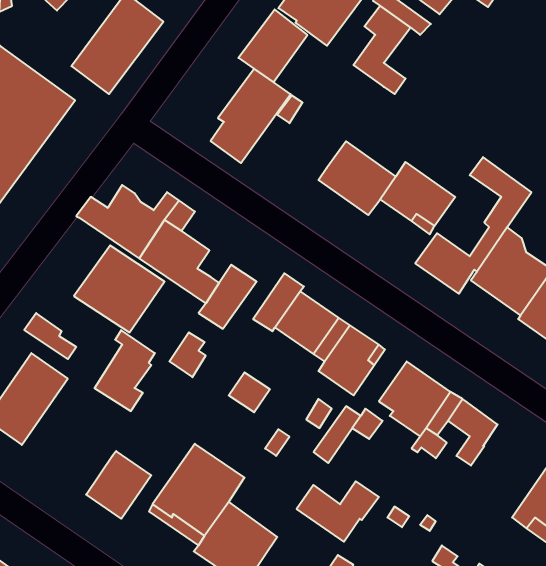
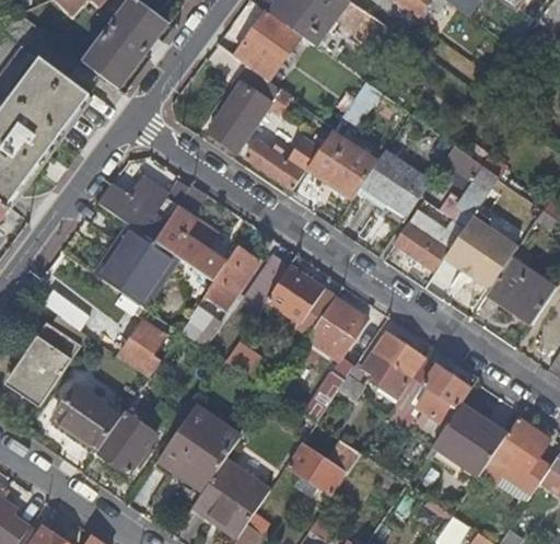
building: none -> [247,139,315,188]
building: none -> [54,385,121,450]
building: none -> [434,404,508,476]

